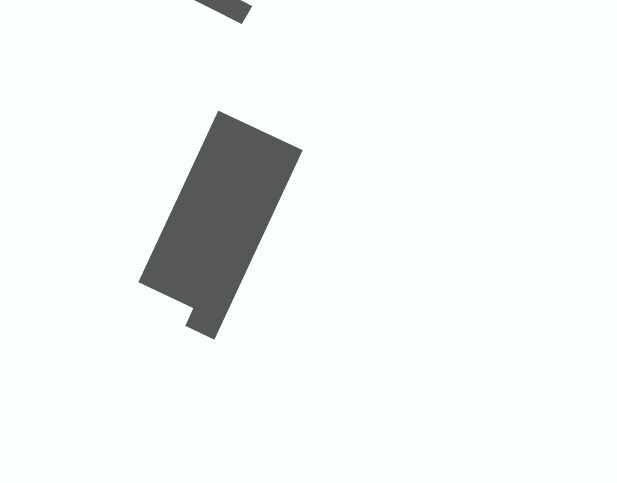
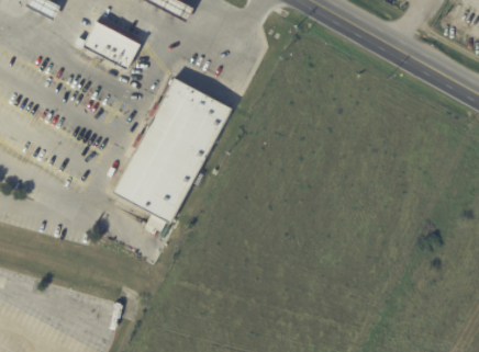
building: none -> [83,20,143,70]

